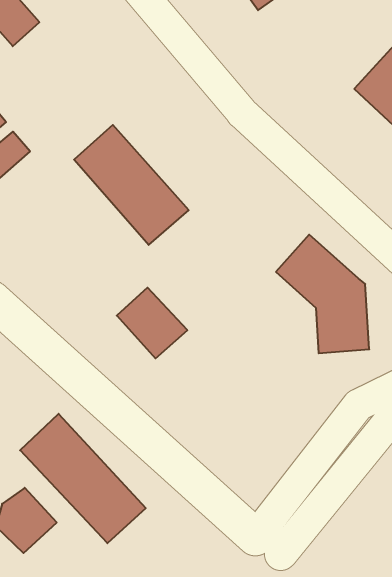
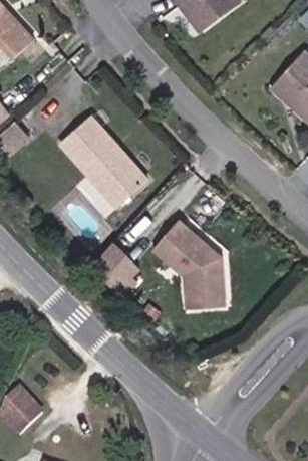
building: [276,235,369,353] -> [153,220,224,309]
building: [20,414,146,543] -> none

